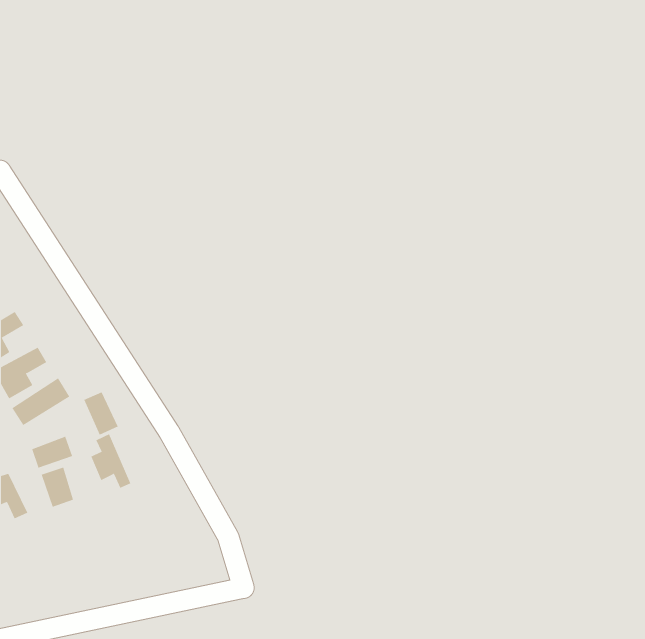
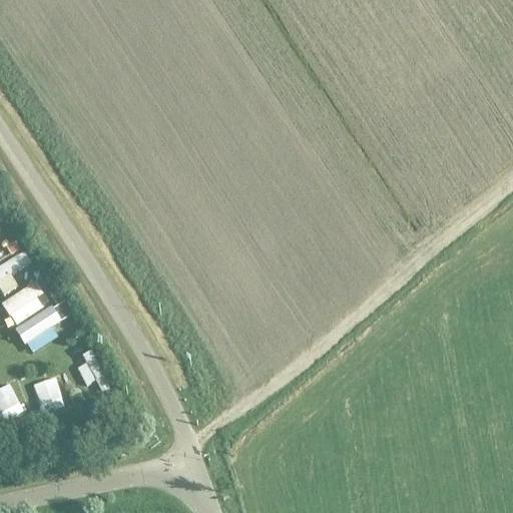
building: [84,392,118,436] -> none
building: [31,436,73,469] -> none

